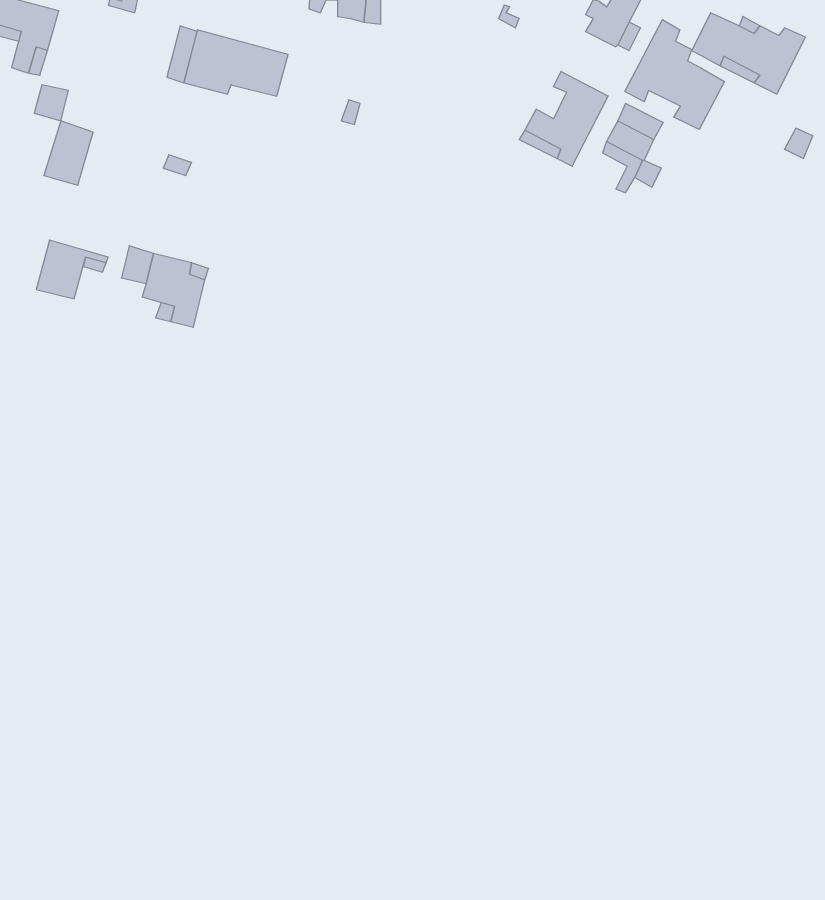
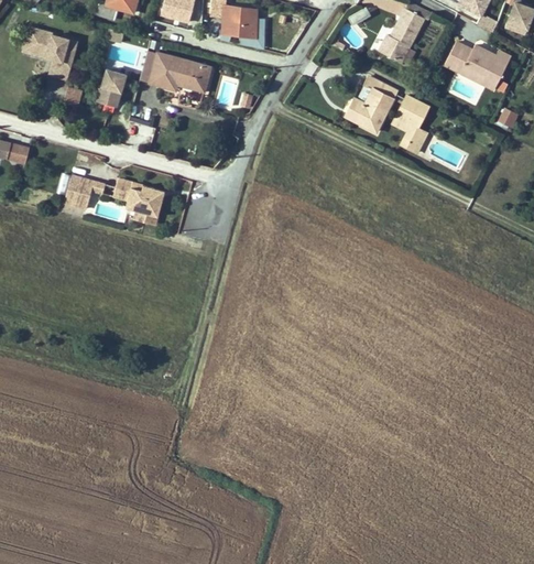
building: [625,20,724,129] -> none
building: [44,121,93,185] -> [97,68,126,106]

